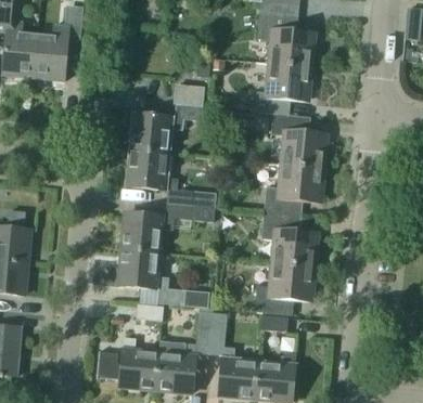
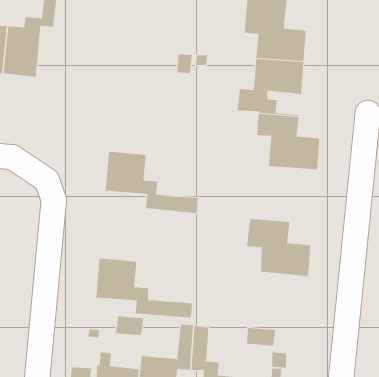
building: [131,84,203,153] -> none
building: [264,164,328,216] -> none
building: [123,203,215,252] -> none
building: [255,262,319,313] -> none

